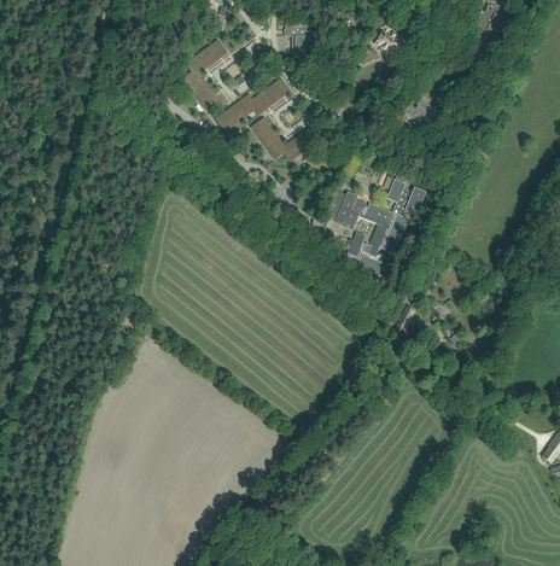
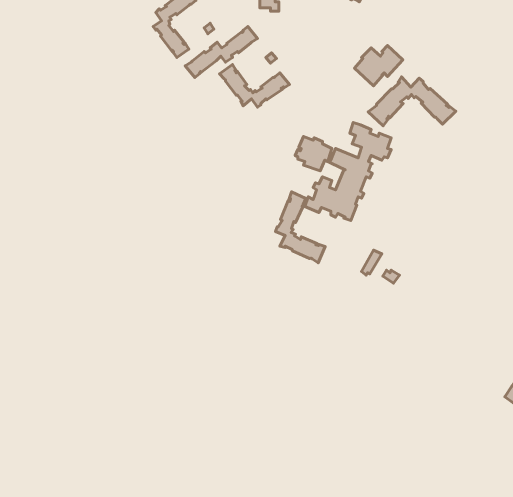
building: none -> [368,77,456,126]
building: none -> [275,192,325,263]

